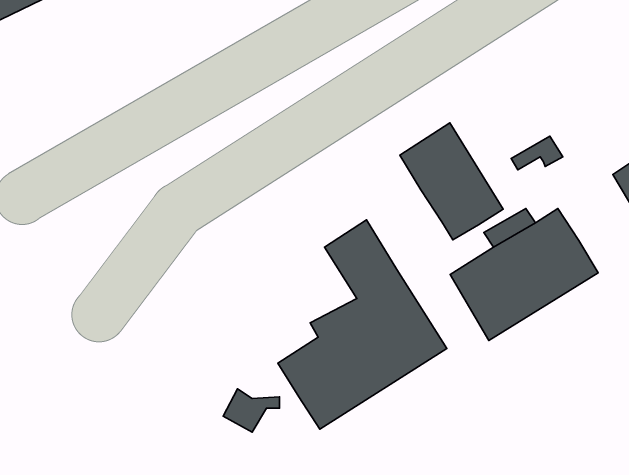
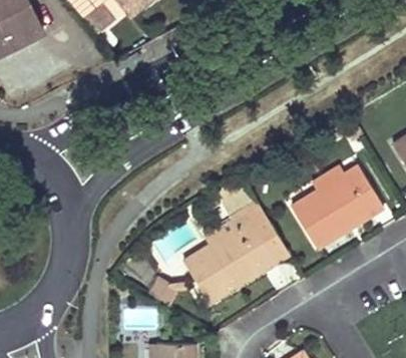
building: [400,123,503,240] -> none

